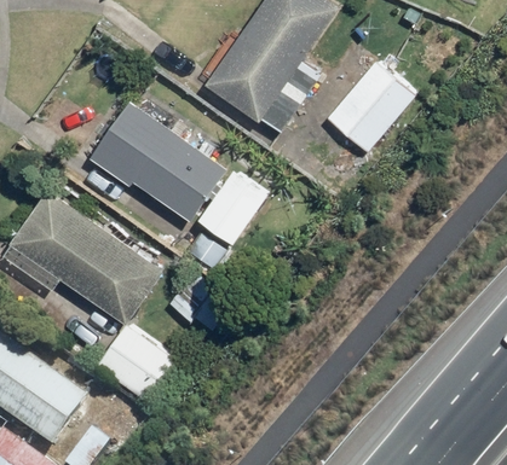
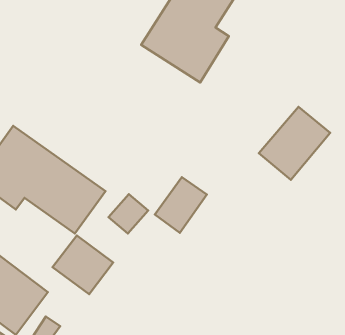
building: [324,62,414,153] -> [259,107,330,180]
building: [88,103,226,222] -> none
building: [201,173,266,243] -> [155,177,207,233]

